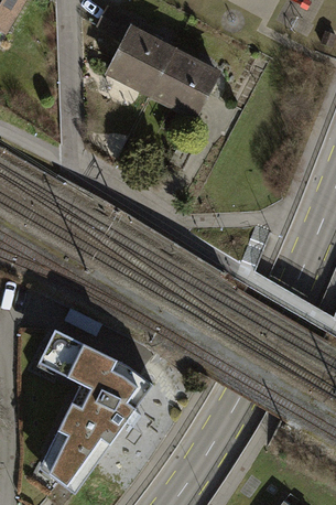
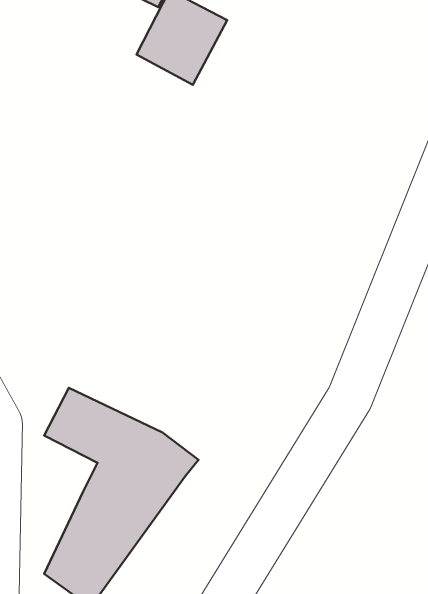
building: [150,47,217,118] -> none

